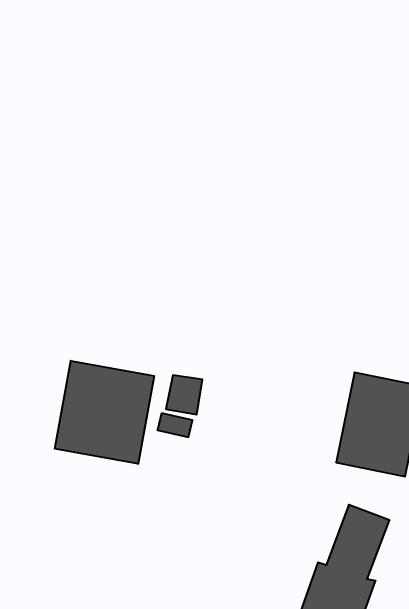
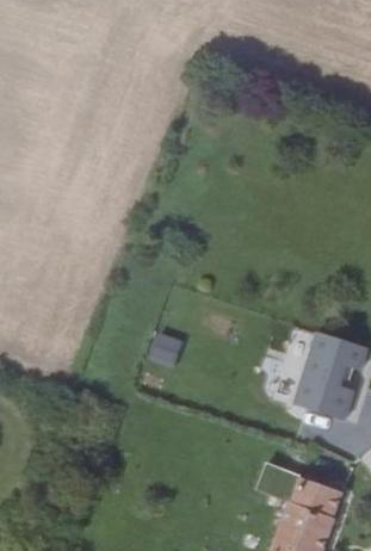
building: [55,361,154,464] -> none

